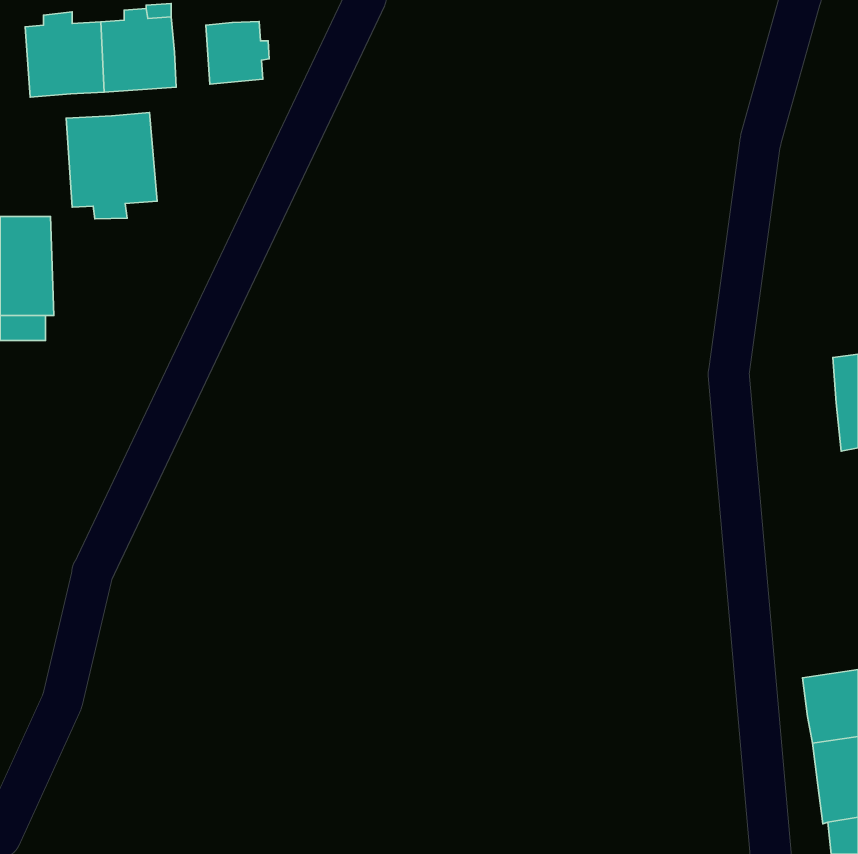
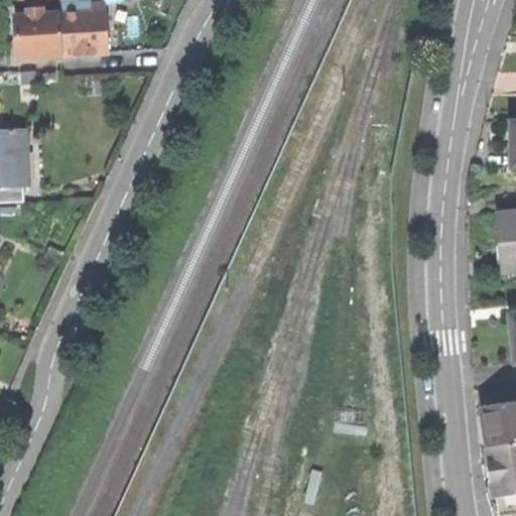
building: [206,21,269,84] -> none
building: [66,112,157,219] -> none

